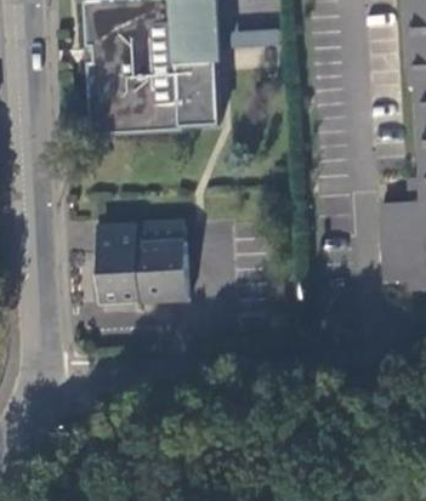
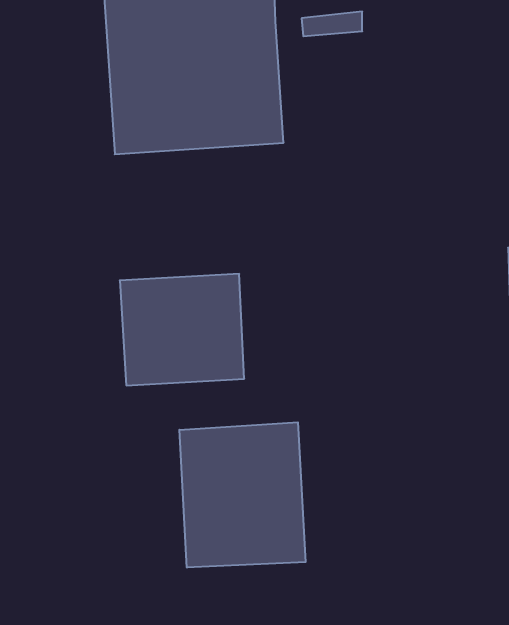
building: none -> [179,422,306,568]

